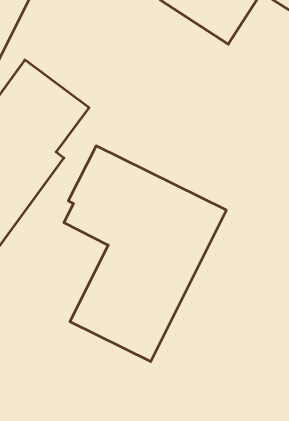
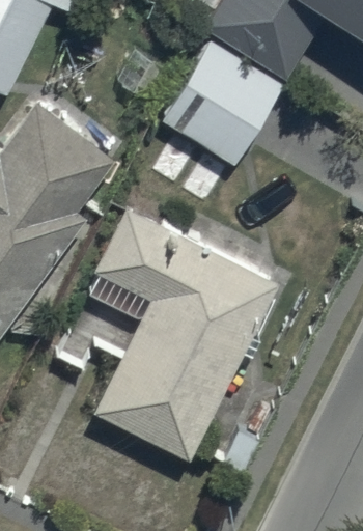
building: none -> [162,41,287,166]

